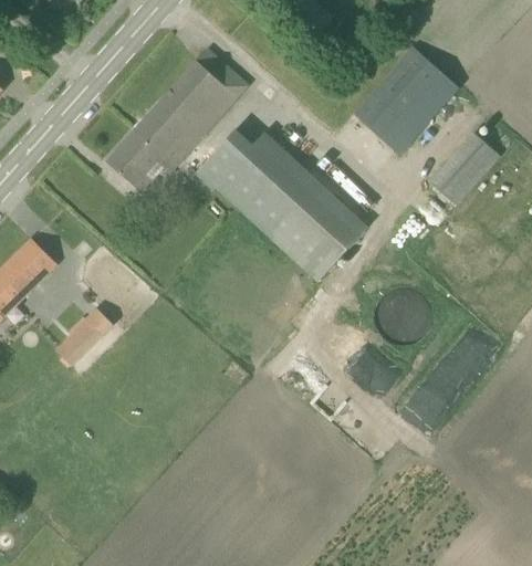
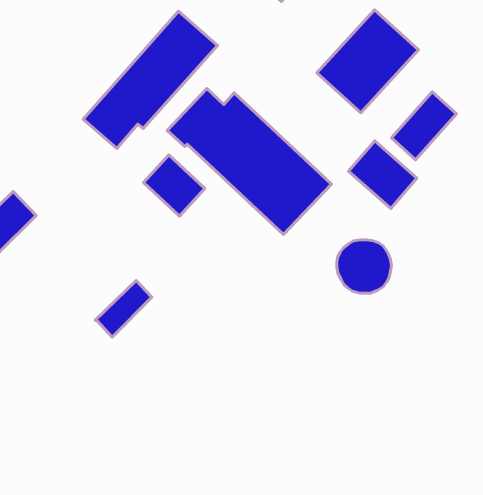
building: none -> [349,141,417,208]
building: none -> [143,155,205,216]
building: [53,306,113,366] -> [95,280,152,337]

